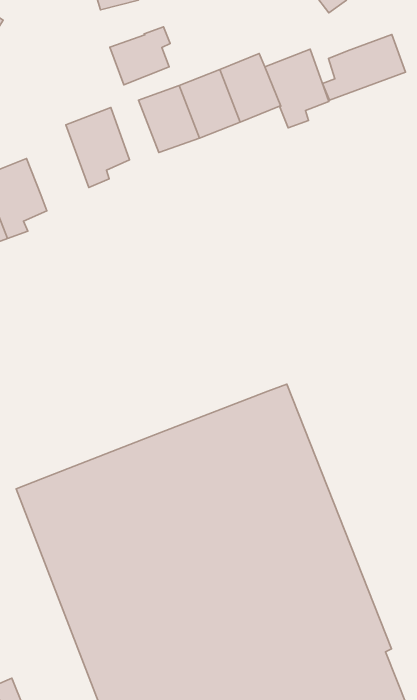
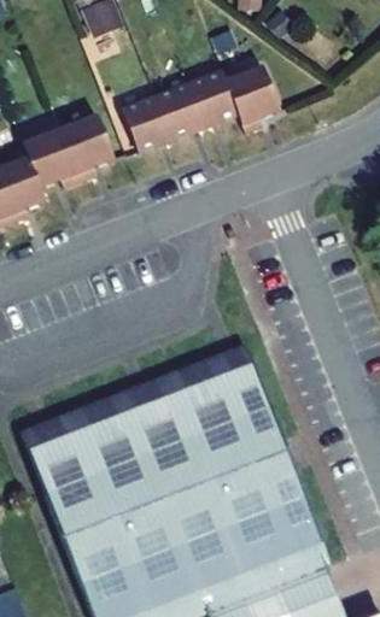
building: [110,27,170,85] -> none
building: [322,35,406,100] -> none
building: none -> [23,131,80,189]

